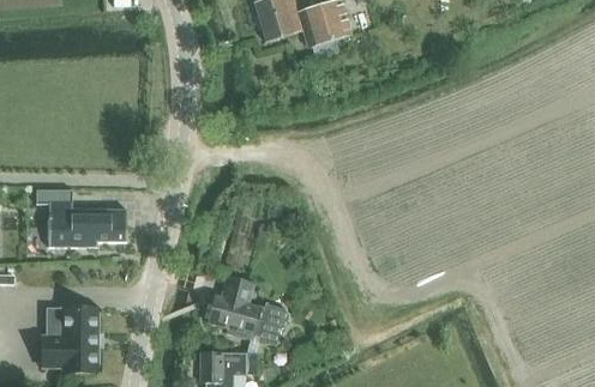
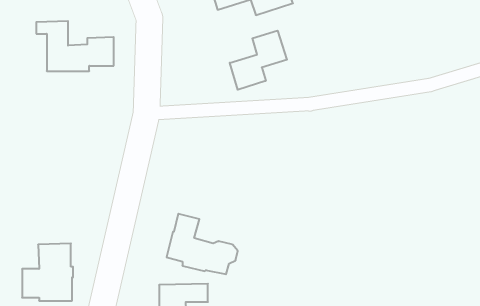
building: none -> [230,31,287,90]
building: [36,188,124,244] -> [36,21,114,71]

